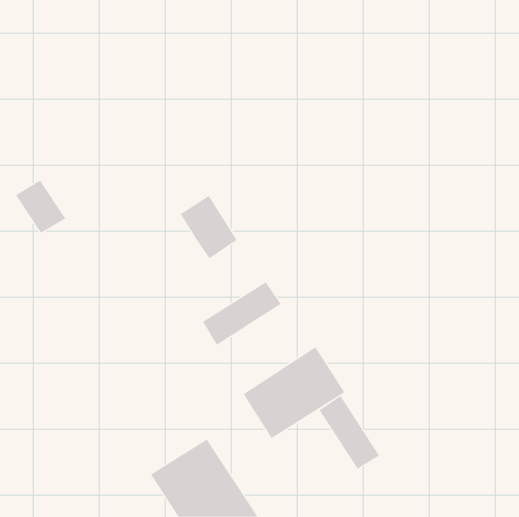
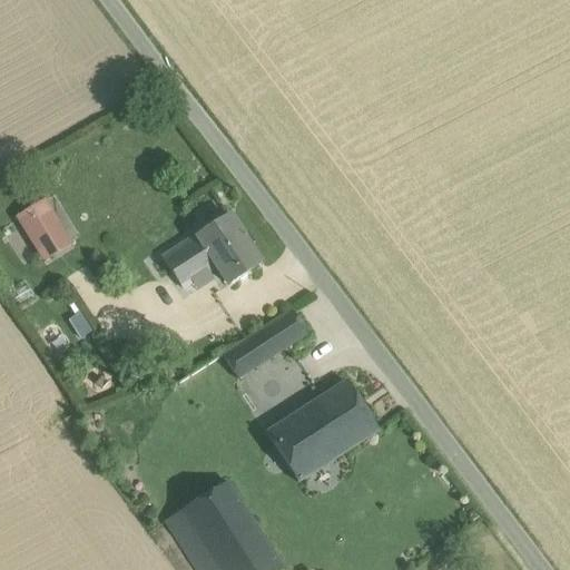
building: none -> [164,235,216,286]
building: [319,395,380,469] -> none

